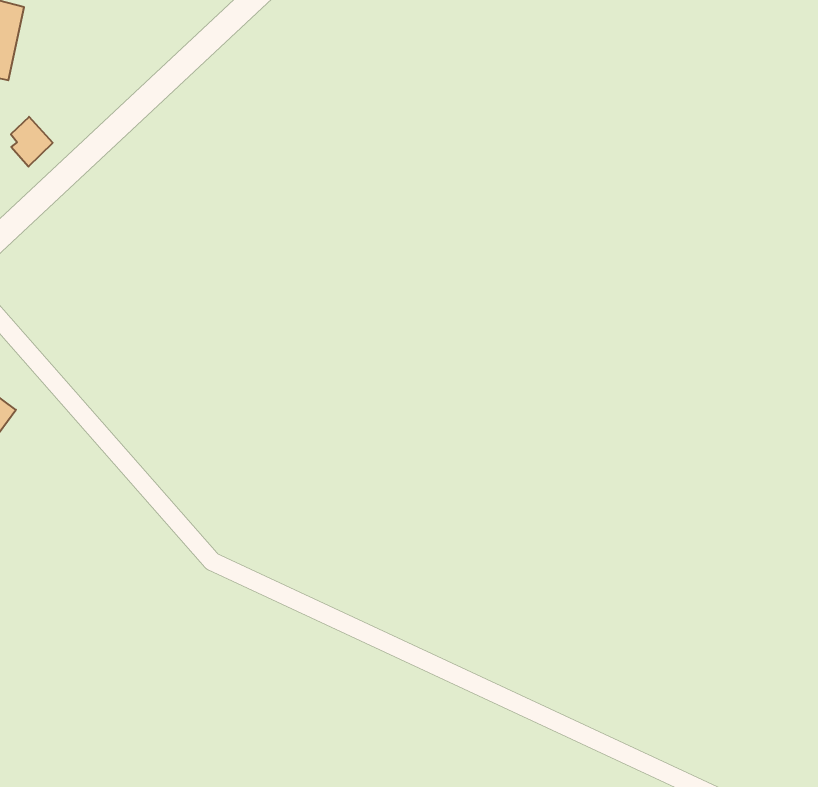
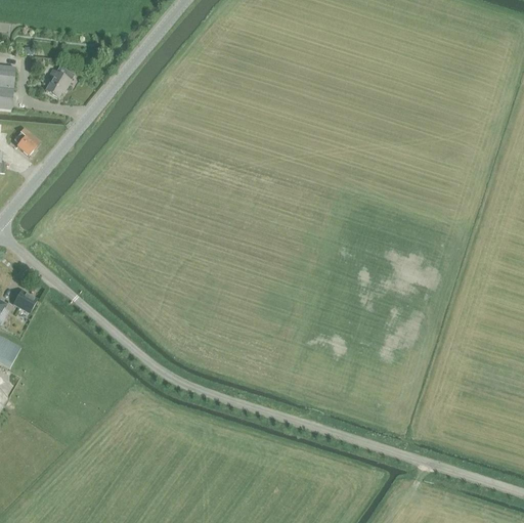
building: none -> [45,66,73,98]

